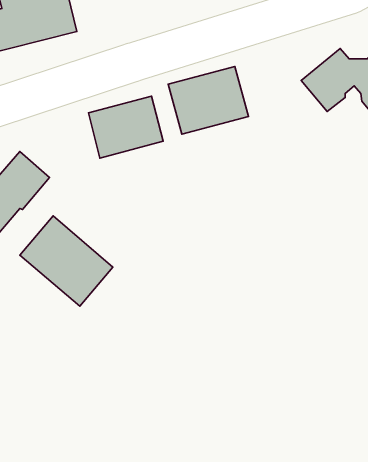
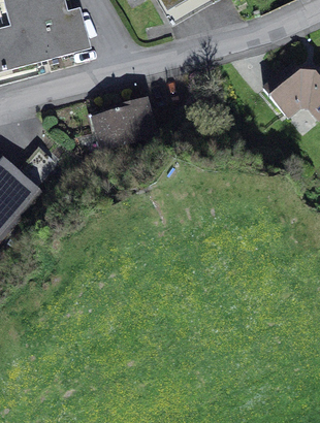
building: [168,67,248,134] -> none
building: [20,216,113,306] -> none

